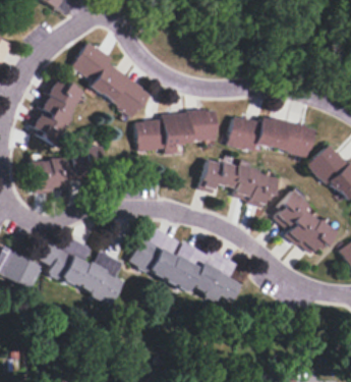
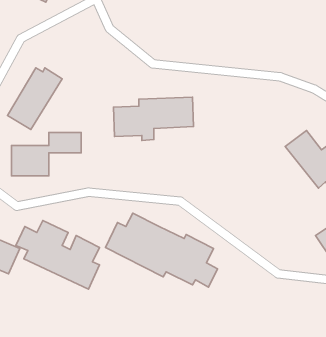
building: [71,41,151,116] -> none
building: [227,115,313,156] -> none
building: [199,157,279,205] -> none
building: [274,190,335,256] -> none

